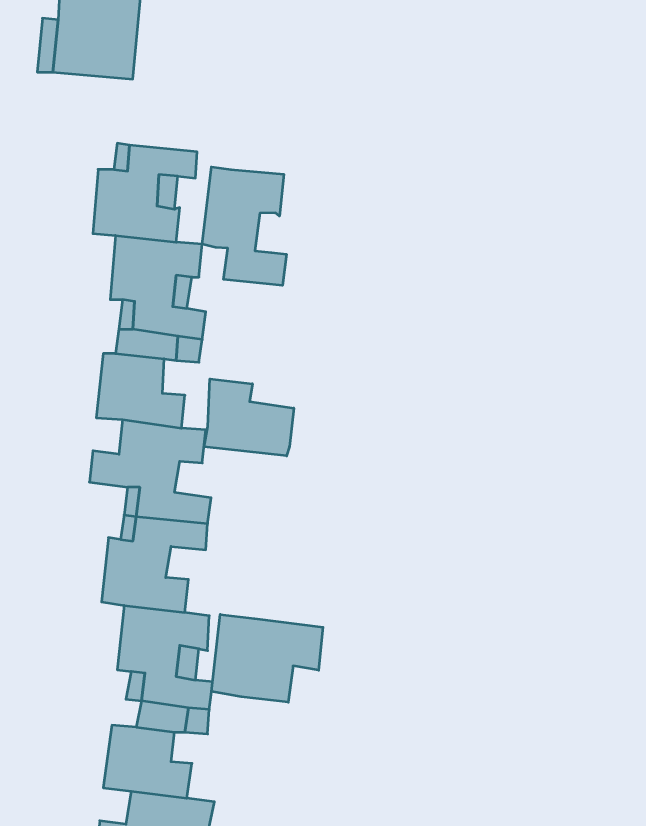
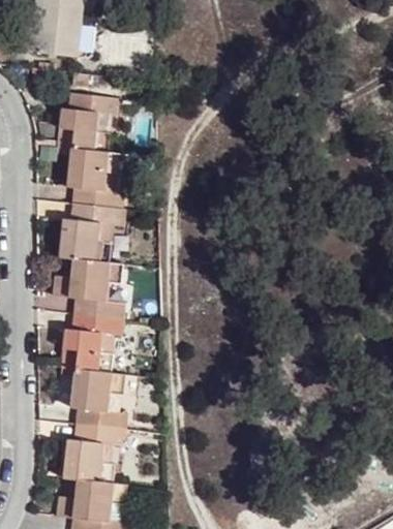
building: [202,167,286,285] -> none
building: [204,379,294,456] -> none
building: [212,614,323,702] -> none

